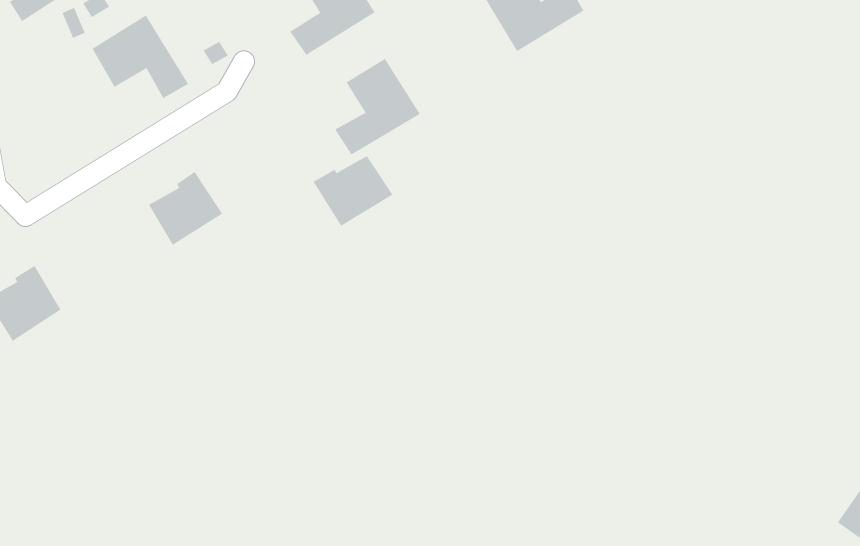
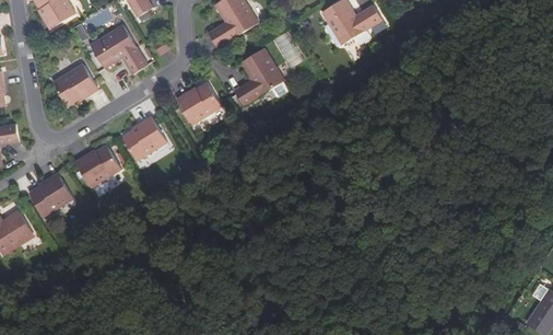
building: none -> [55,62,101,105]
building: [312,155,393,227] -> [174,84,221,126]
building: none -> [77,143,122,186]

